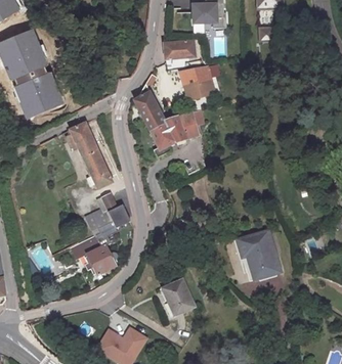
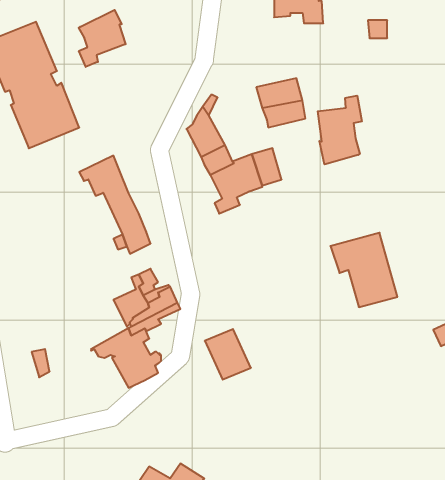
building: none -> [79,10,126,67]
building: [165,42,197,59] -> none
building: none -> [318,96,362,164]
building: [236,229,282,280] -> [330,233,397,307]
building: [162,282,194,317] -> [205,329,251,380]

